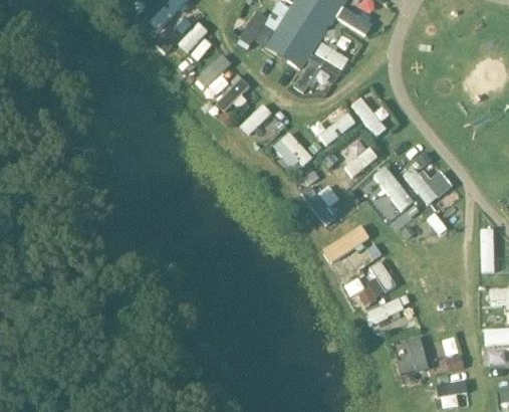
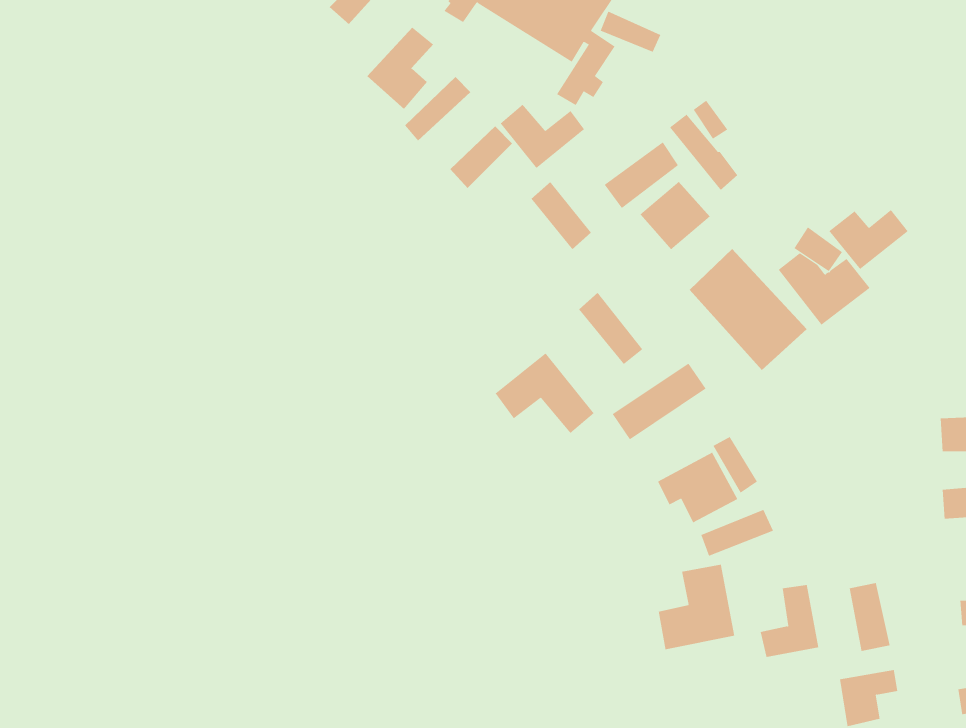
building: none -> [500,104,585,169]
building: none -> [828,209,908,270]
building: none -> [495,352,594,434]
building: none -> [658,564,735,650]

